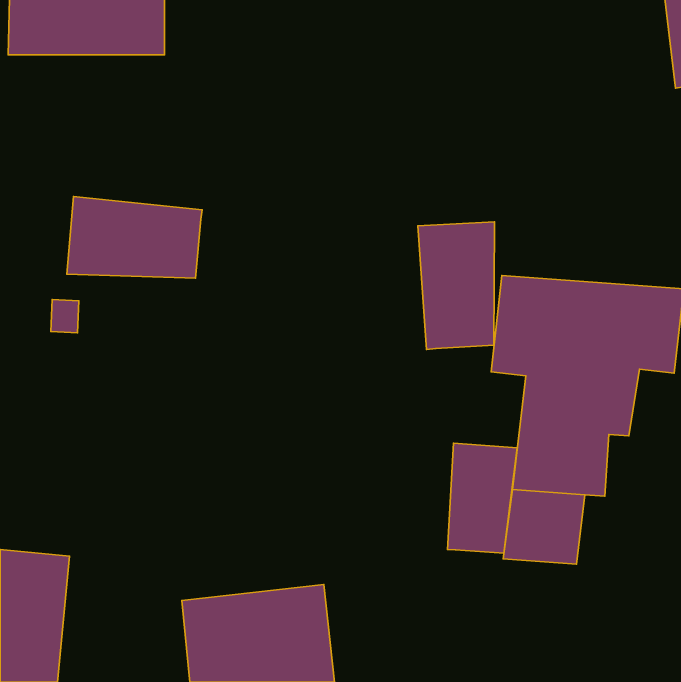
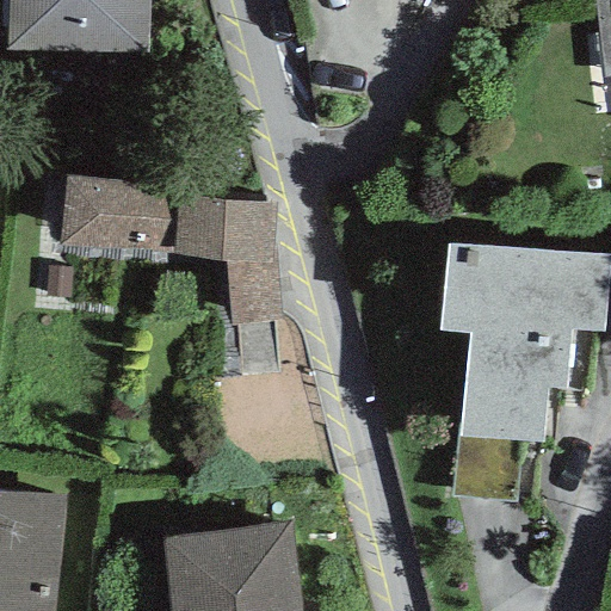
building: none -> [175,196,285,327]
building: [418,222,495,350] -> none
building: [448,443,517,553] -> none

